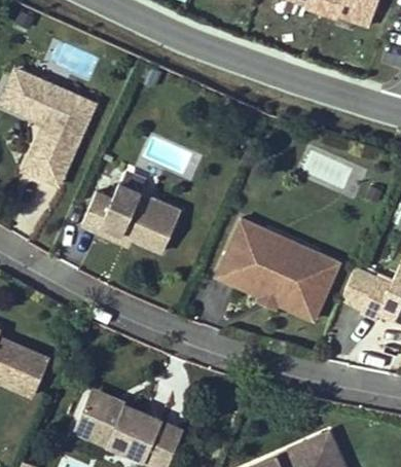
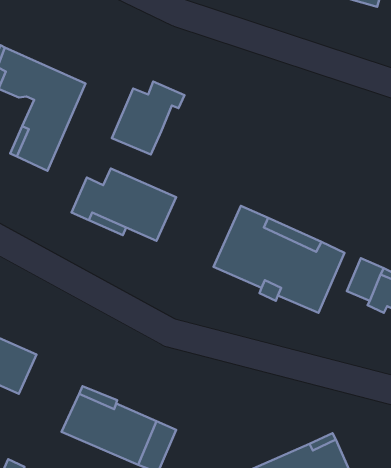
building: none -> [112,82,184,155]

